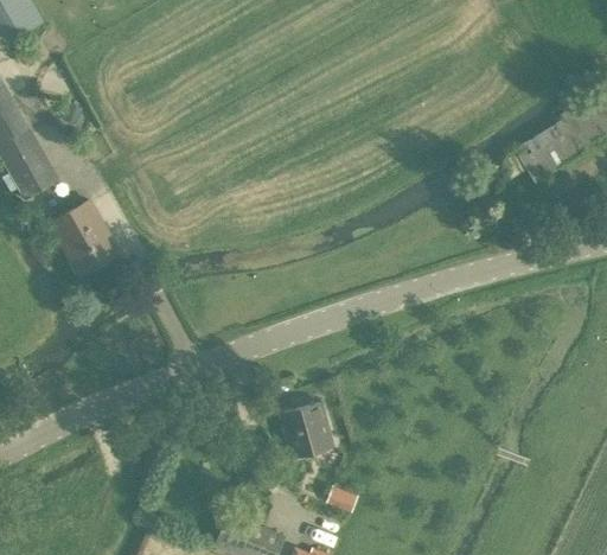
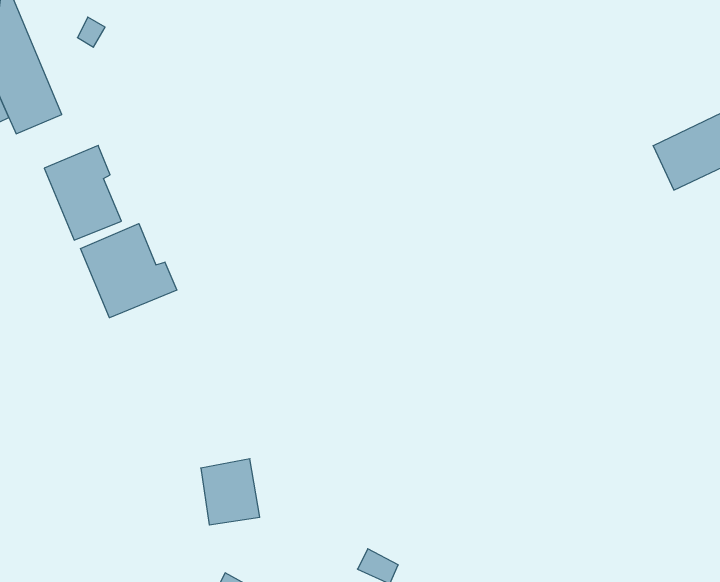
building: none -> [81,224,177,318]
building: [282,403,332,458] -> [201,459,260,525]

